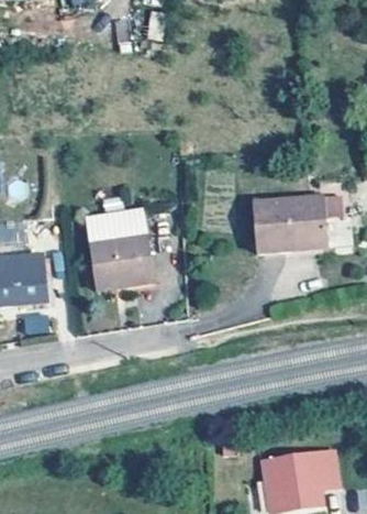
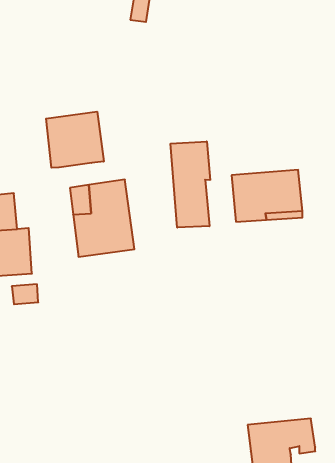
building: none -> [46,112,104,168]
building: none -> [171,141,210,228]

